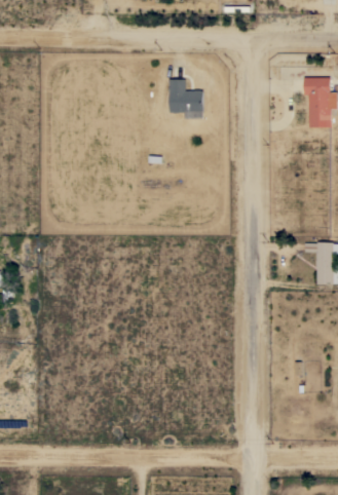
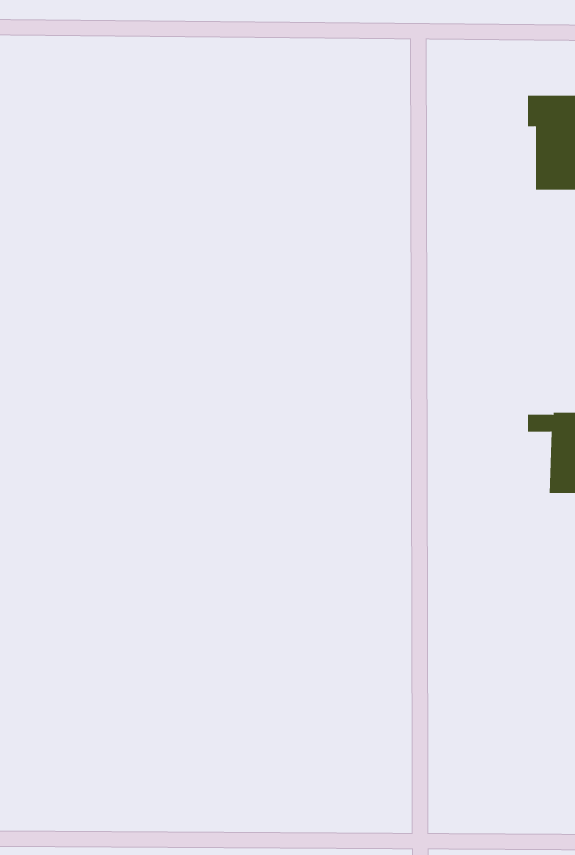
building: [168,79,202,119] -> none

